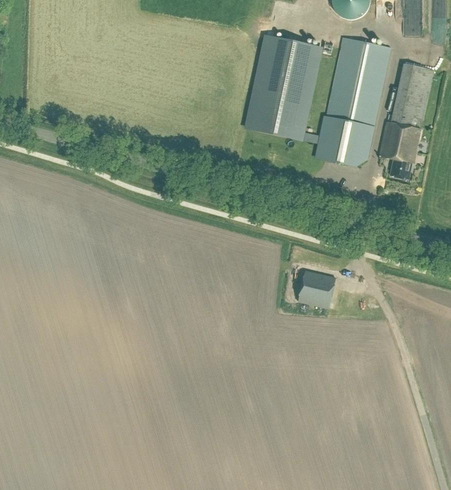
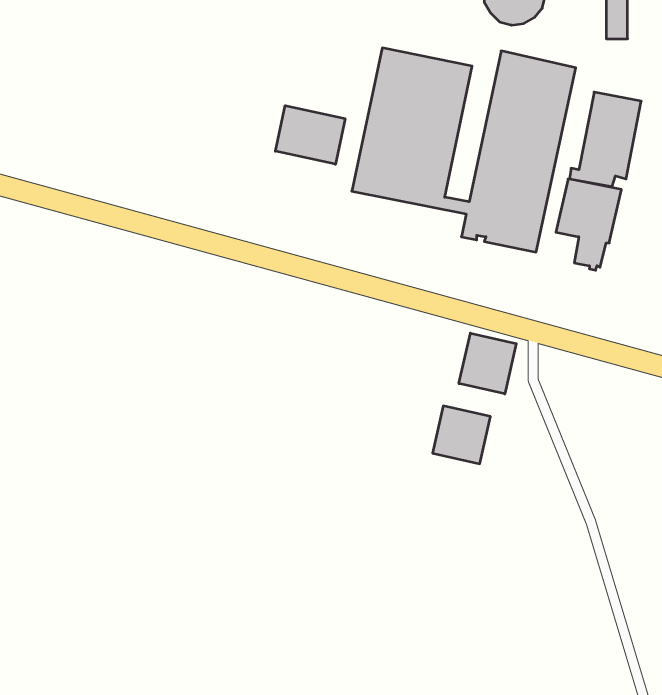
building: none -> [275,106,345,164]
building: none -> [459,333,516,394]

